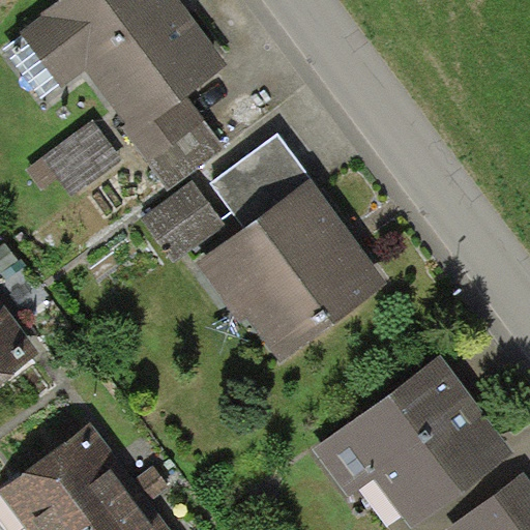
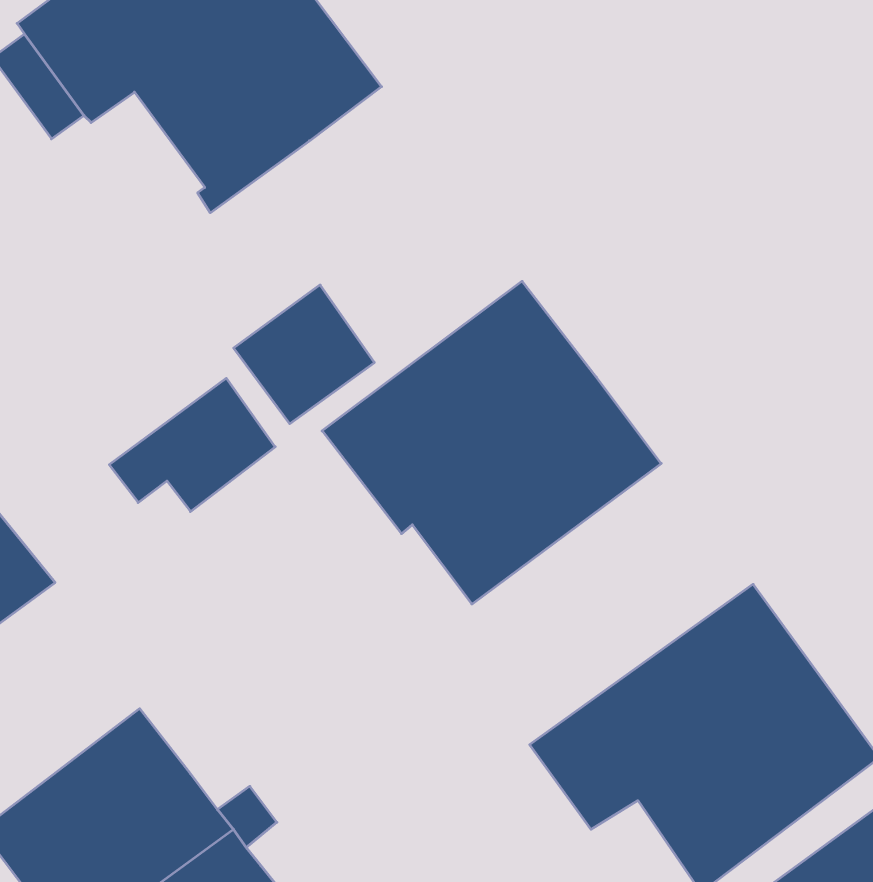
building: [129,97,225,190] -> none
building: [26,119,121,196] -> [109,378,275,512]
building: [210,135,308,227] -> none

